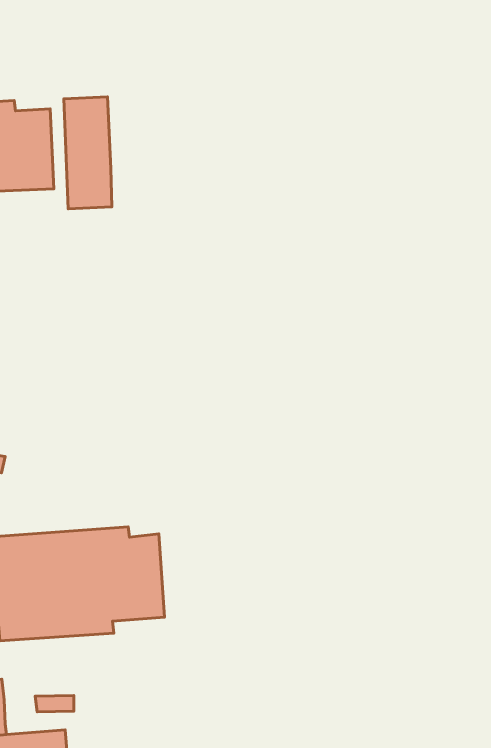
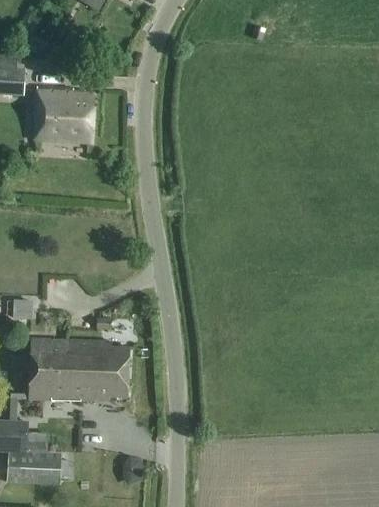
building: [64,97,112,209] -> none

